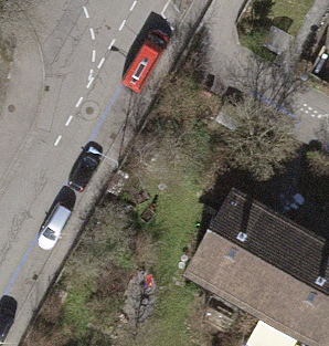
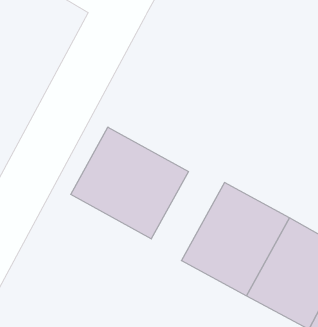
building: none -> [71,127,188,239]

